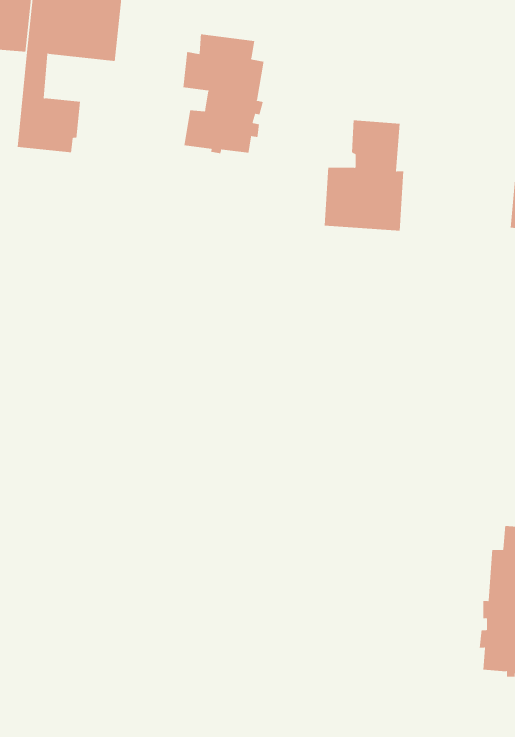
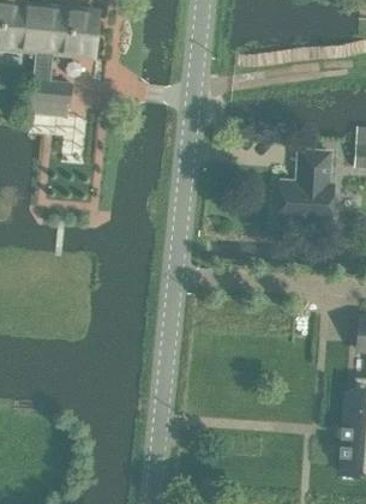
building: [183,33,264,154] -> none
building: [324,120,404,231] -> [281,151,334,224]

